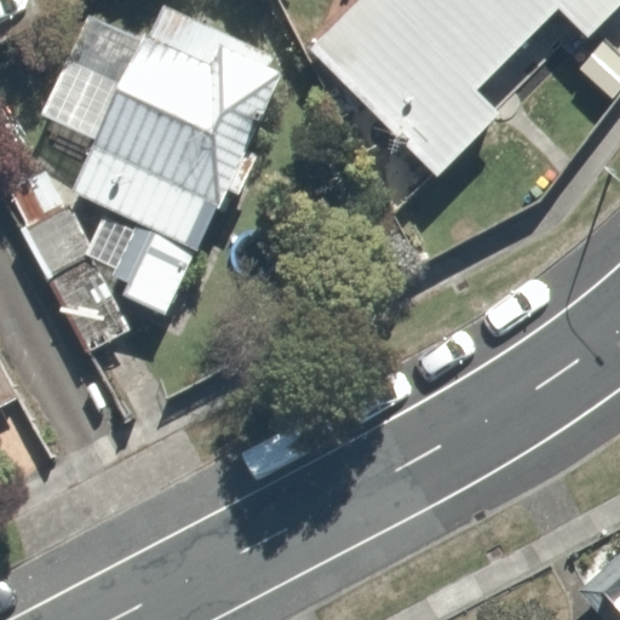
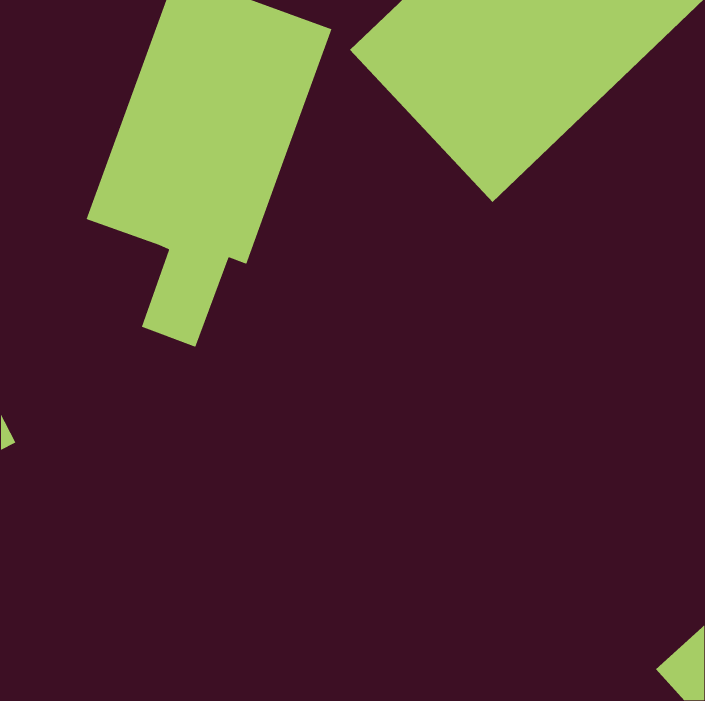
building: [6,155,138,352] -> none

